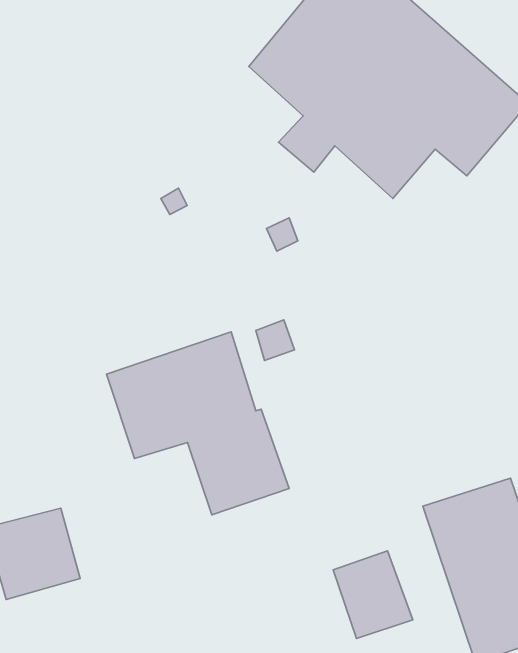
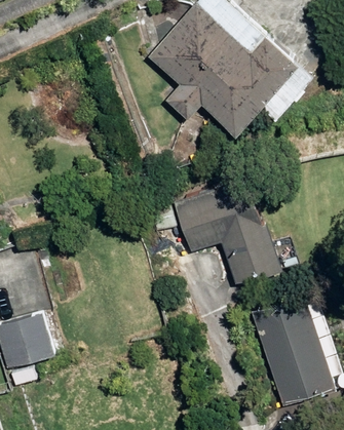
building: [107,332,289,515] -> [174,179,280,285]
building: [333,551,413,638] -> none

